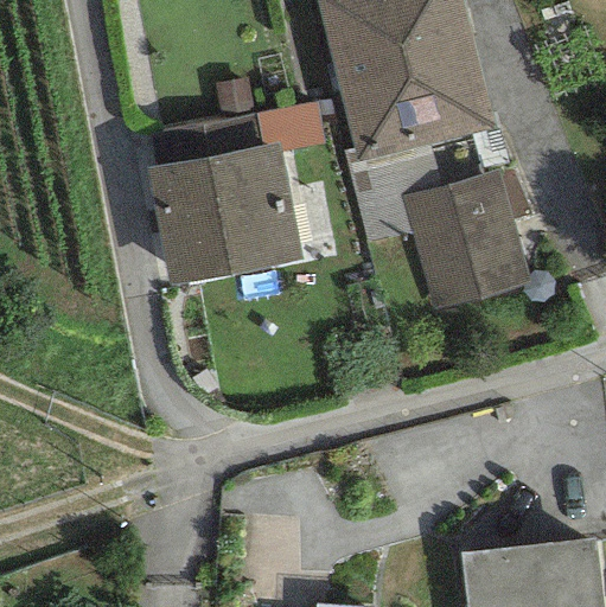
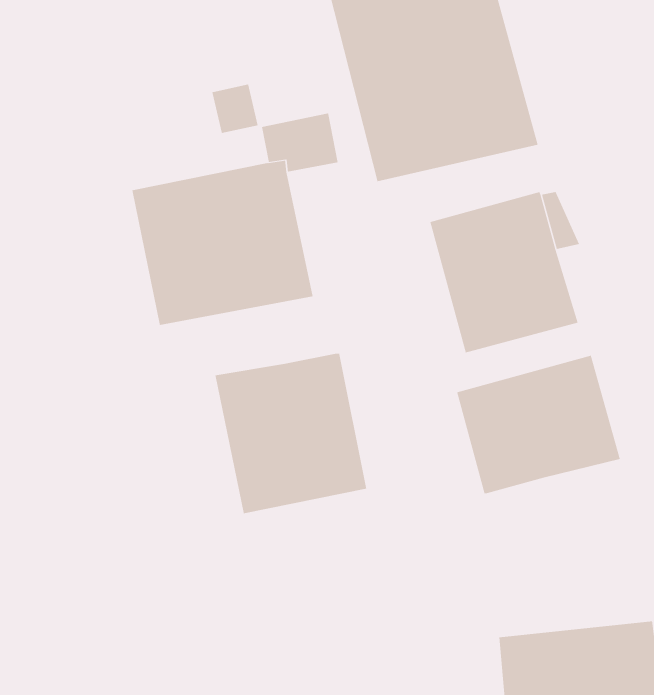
building: none -> [215,353,367,514]
building: none -> [456,355,620,494]

